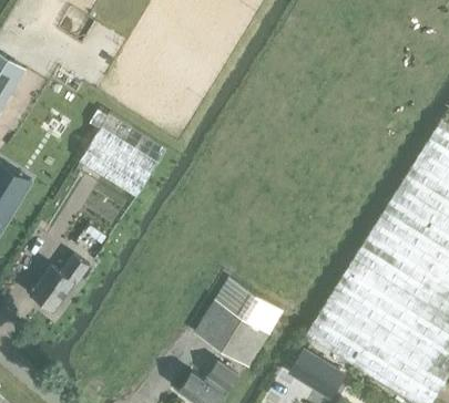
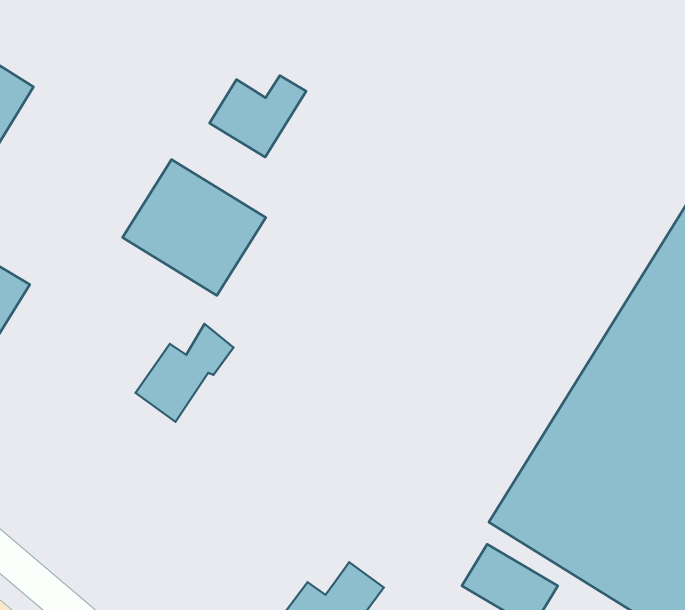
building: none -> [210,75,306,157]
building: [31,252,91,312] -> [135,324,233,422]
building: [194,277,285,368] -> none

